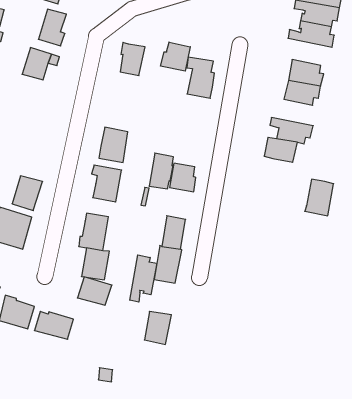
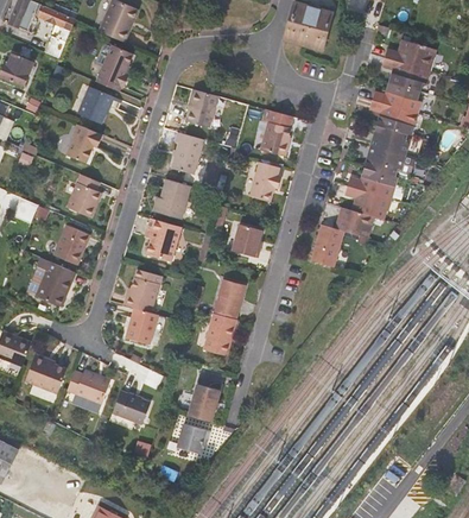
building: none -> [370,99,422,134]
building: [161,42,190,71] -> none
building: none -> [69,121,103,159]
building: none -> [169,131,201,172]
building: none -> [348,165,399,197]
building: none -> [66,171,102,214]
building: [149,153,173,189] -> [247,162,277,202]
building: [305,179,334,216] -> [311,222,346,264]
building: [130,255,157,302] -> none
building: [77,277,112,305] -> [112,393,151,427]
building: none -> [176,424,208,454]

